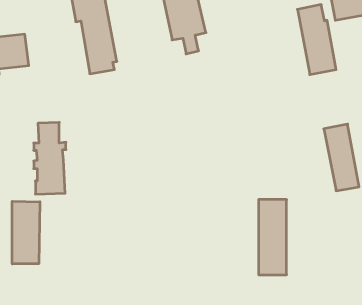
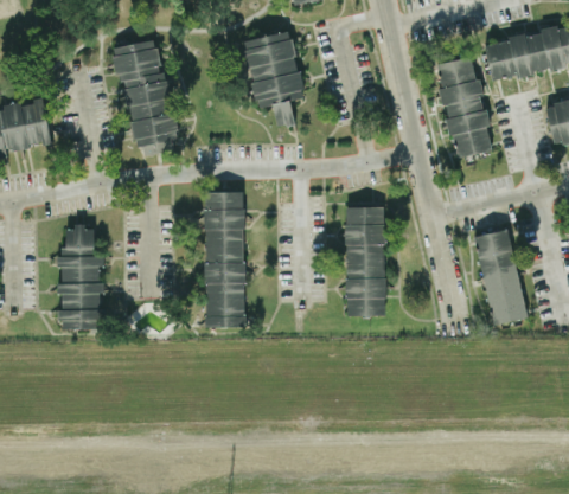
building: none -> [204,191,244,327]
building: [259,200,287,275] -> [345,207,385,315]
building: [12,201,40,264] -> none

